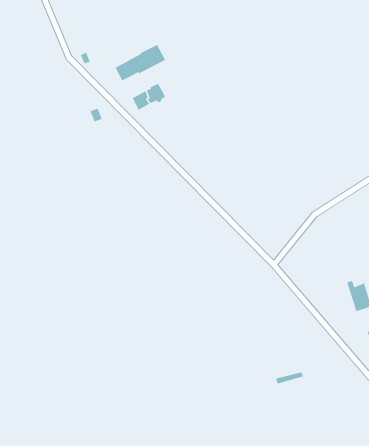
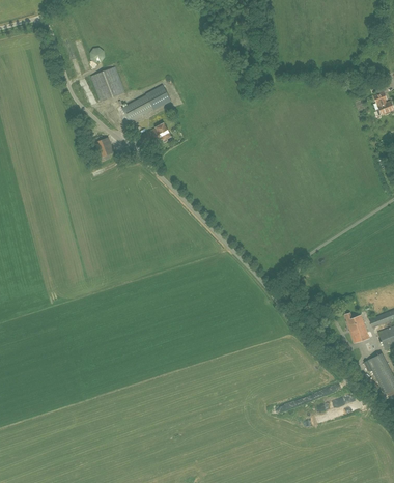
building: none -> [90,66,124,102]

